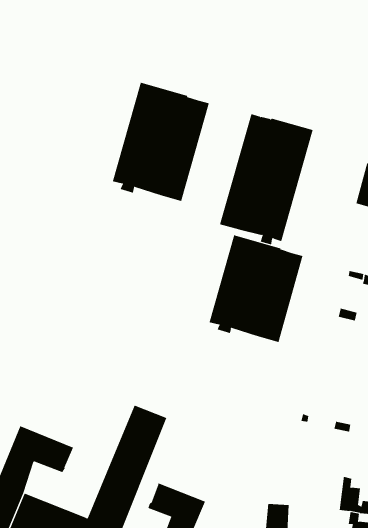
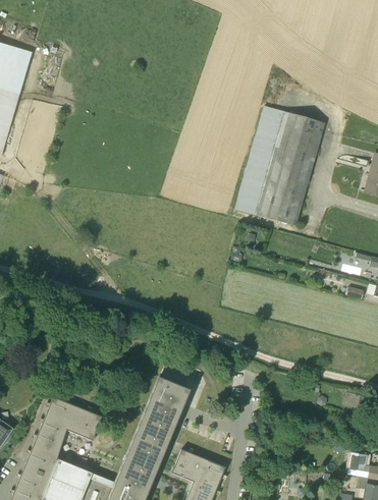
building: [112,82,209,202] -> none
building: [209,235,303,343] -> none

